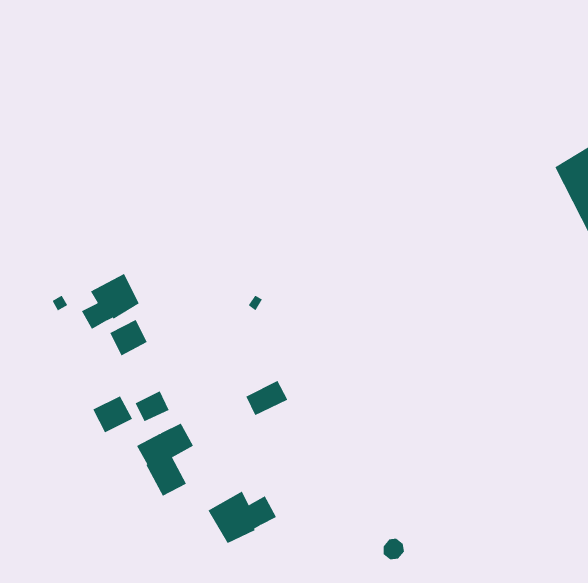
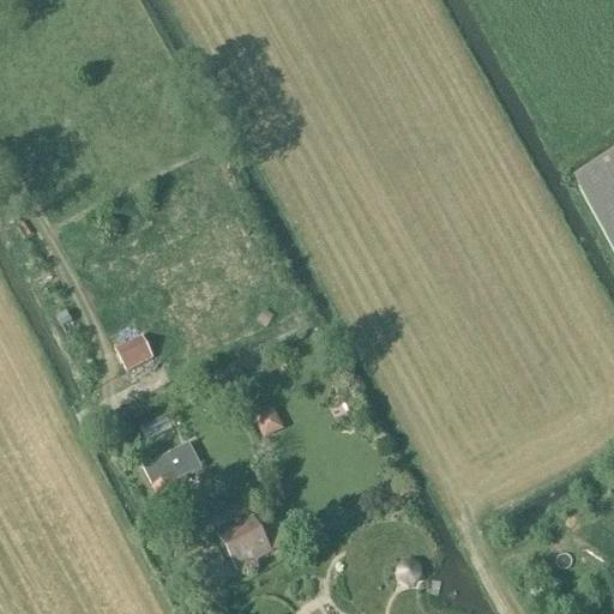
building: [81,273,139,330] -> none
building: [92,395,133,433] -> none

